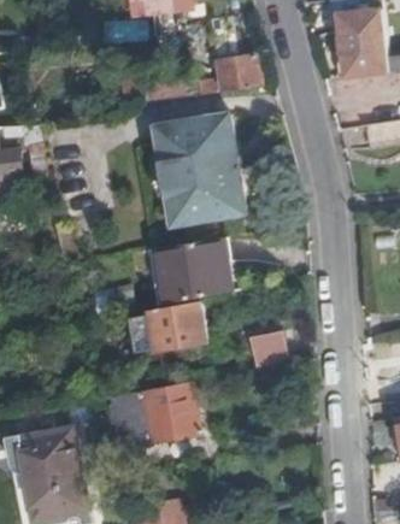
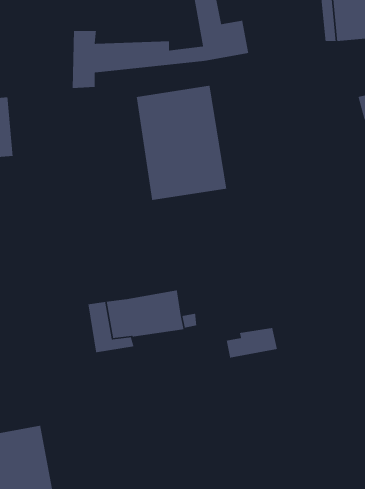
building: [157,237,225,302] -> none
building: [113,382,199,446] -> none

